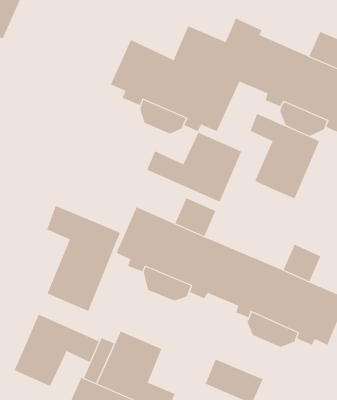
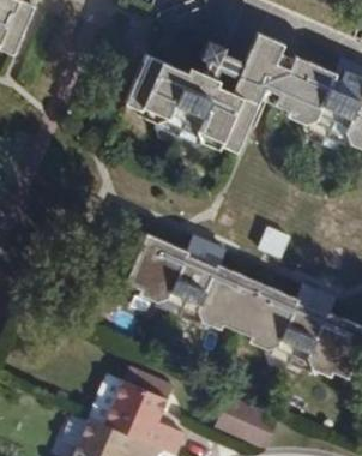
building: [250,113,320,199] -> none
building: [147,132,242,202] -> none
building: [46,205,121,312] -> none
building: [14,314,99,387] -> none

